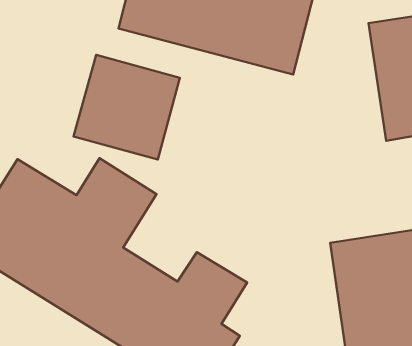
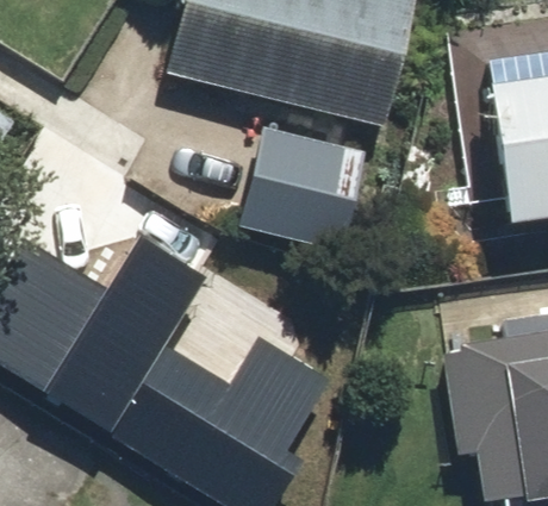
building: [73,55,180,160] -> [232,115,370,251]

